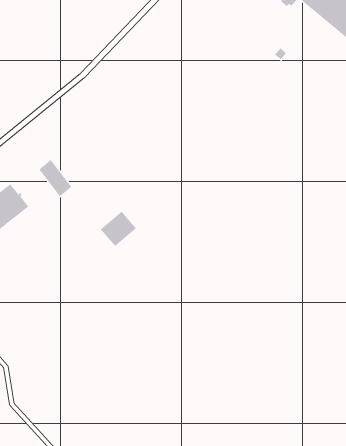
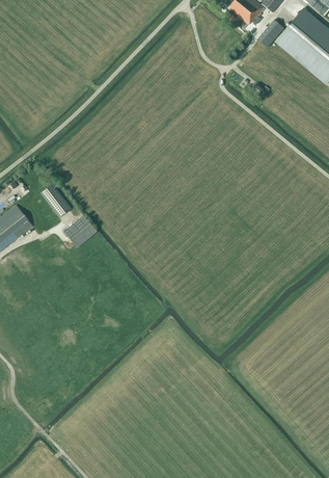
building: [100,211,137,247] -> [63,215,97,247]

